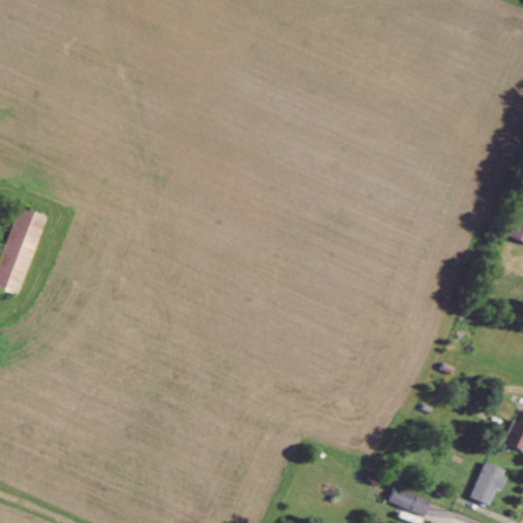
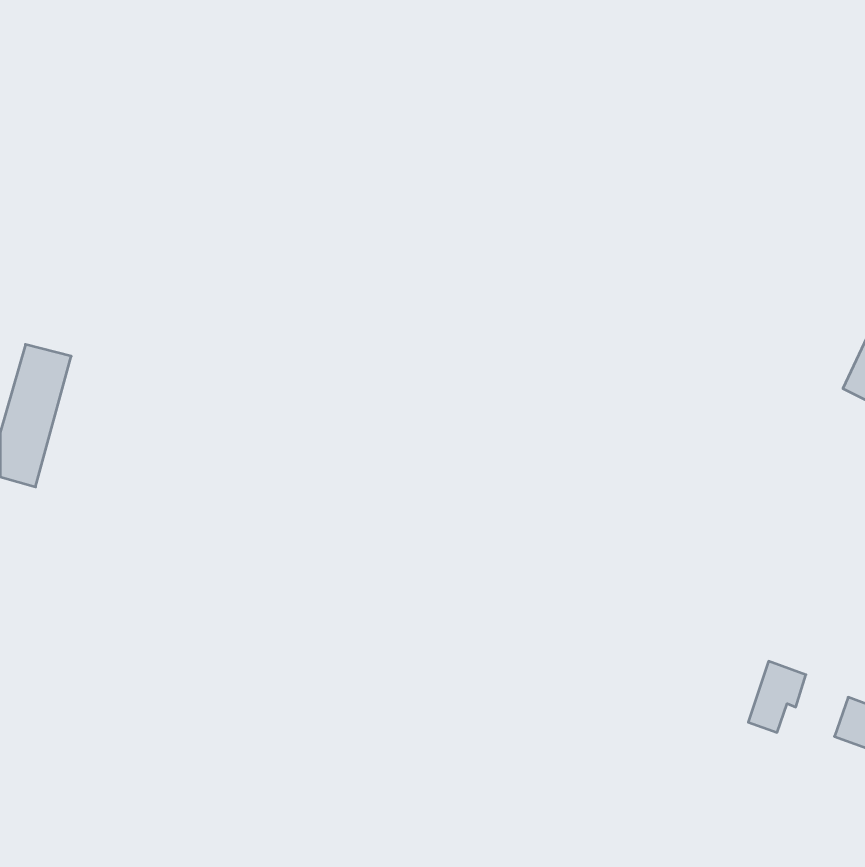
building: [473,462,508,505] -> [748,661,806,732]
building: [390,486,432,516] -> none

